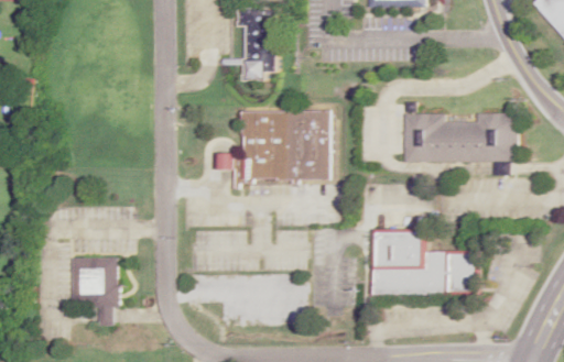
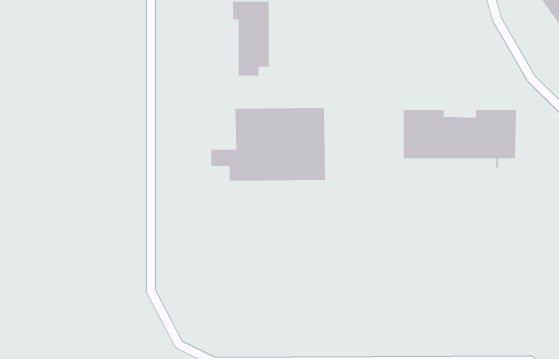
building: [375,229,480,295] -> none
building: [72,257,119,326] -> none

